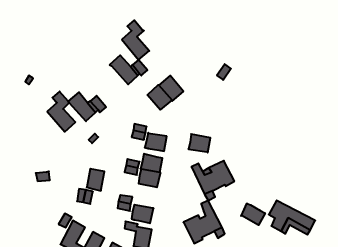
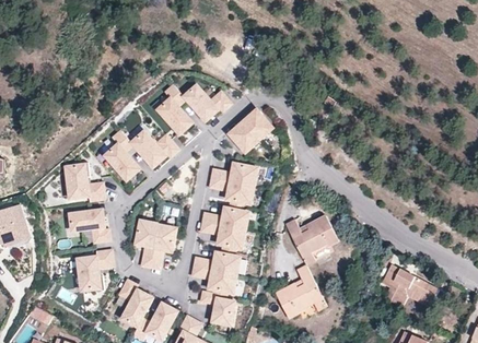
building: [122,20,149,60] -> [158,84,191,133]
building: none -> [65,164,103,202]
building: [188,134,210,153] -> [231,163,258,186]
building: none -> [68,209,103,230]
building: none -> [136,221,159,248]
building: none -> [75,249,112,289]
building: none -> [212,251,240,274]
building: [241,203,265,225] -> none

